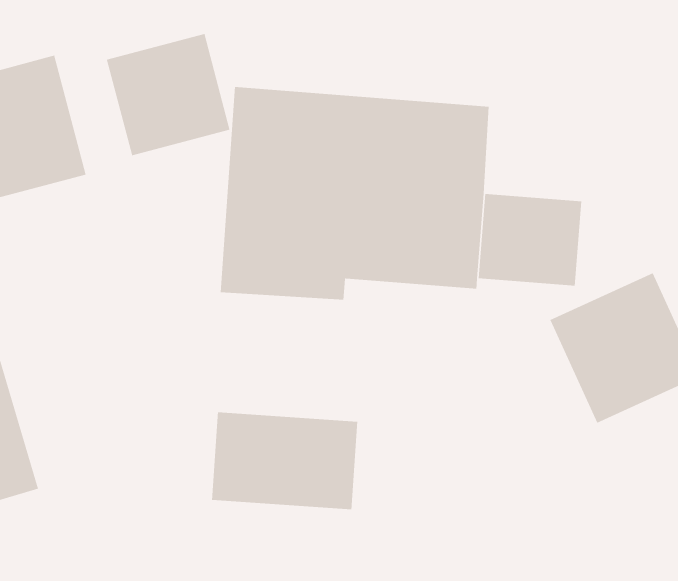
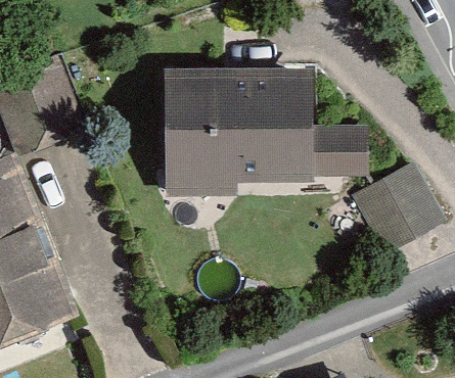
building: [106,33,230,156] -> none
building: [211,412,358,510] -> none

